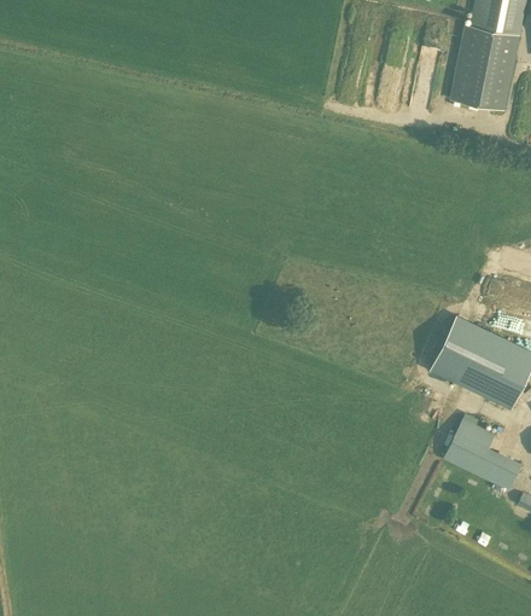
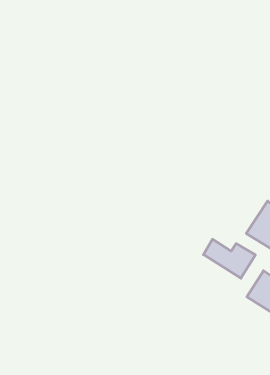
building: none -> [203,239,255,278]

